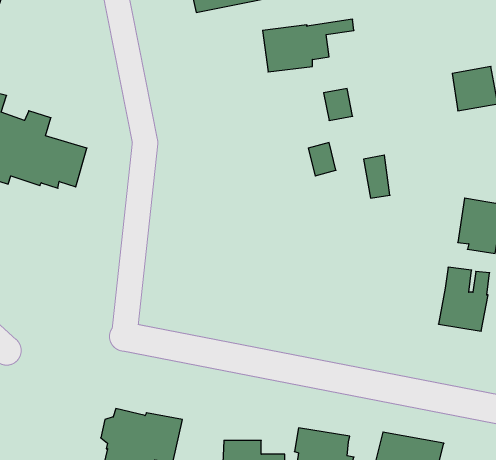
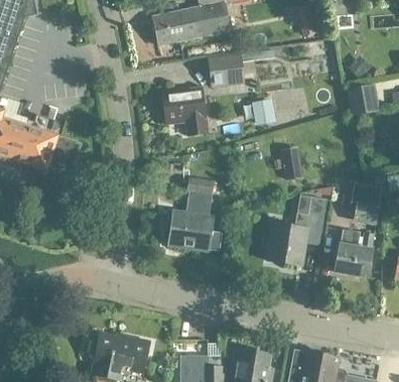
building: none -> [162,88,208,135]
building: none -> [169,176,221,251]
building: none -> [268,197,326,265]

